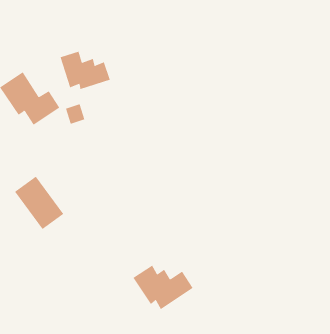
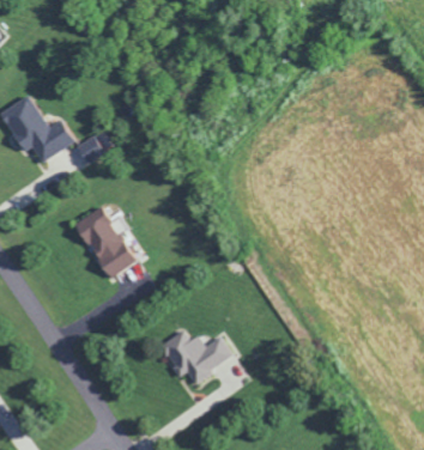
building: [60,51,110,90] -> none
building: [14,176,64,230] -> [78,213,138,278]

